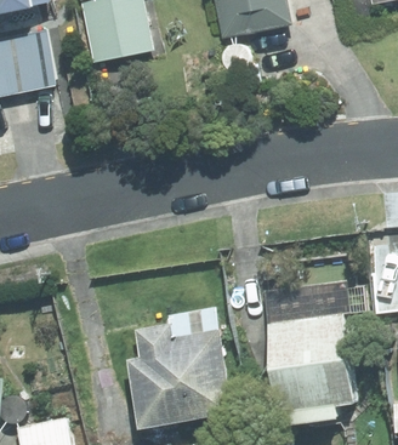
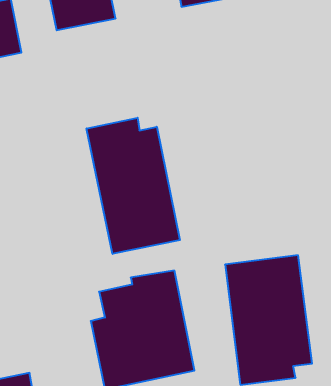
building: none -> [87,118,180,254]

